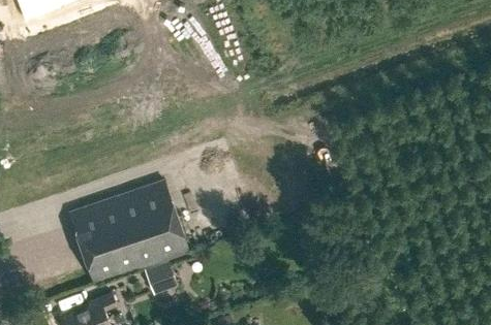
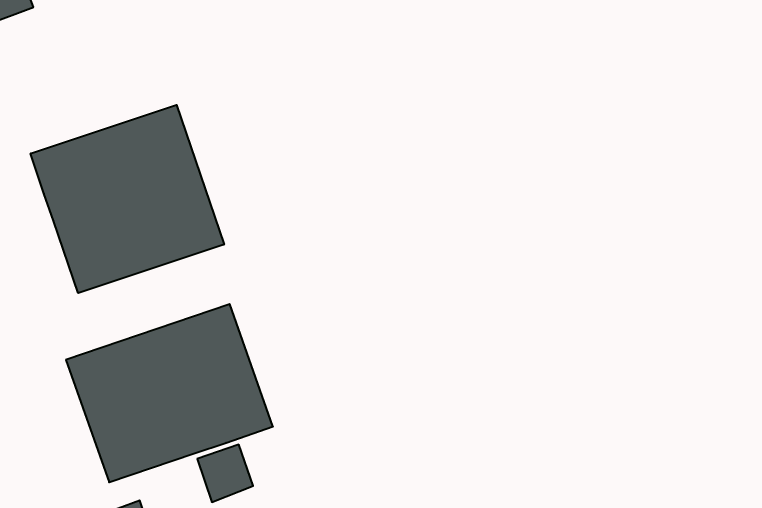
building: none -> [31,105,224,293]

